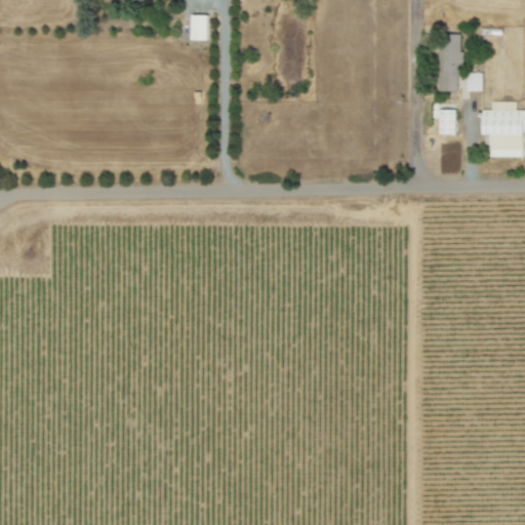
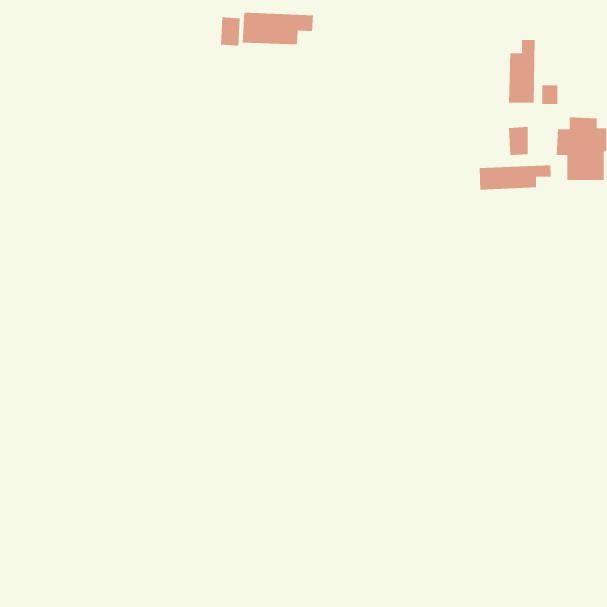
building: none -> [242,12,314,45]
building: none -> [479,165,551,190]

